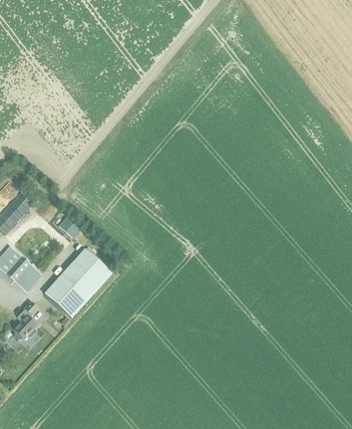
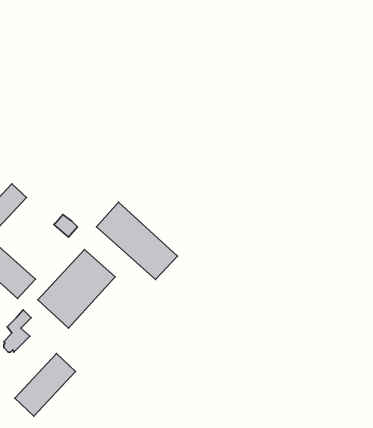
building: none -> [97,202,178,280]
building: none -> [15,354,75,416]

